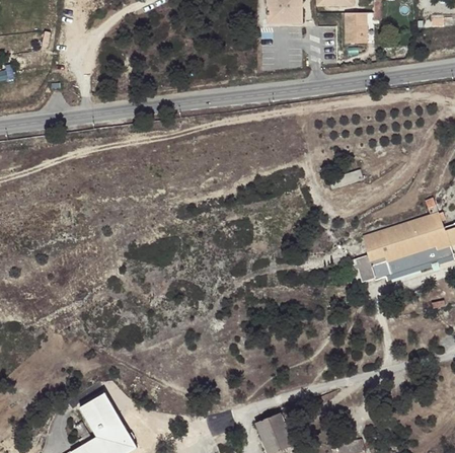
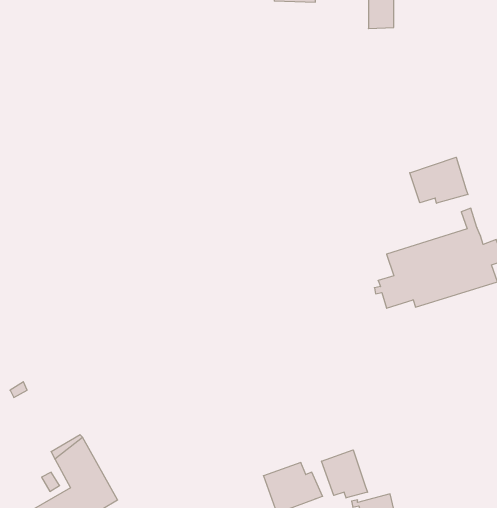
building: none -> [410,157,468,203]
building: none -> [322,450,368,498]

